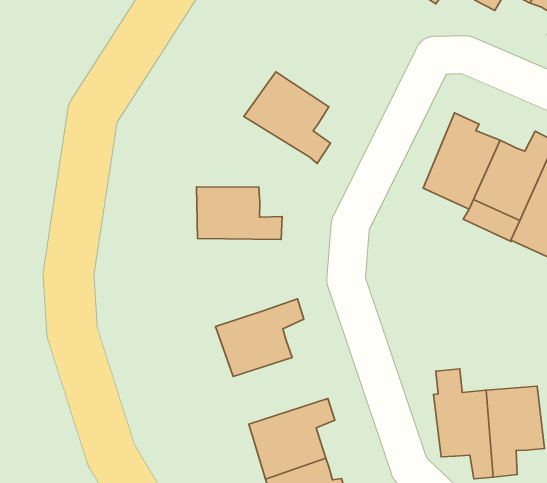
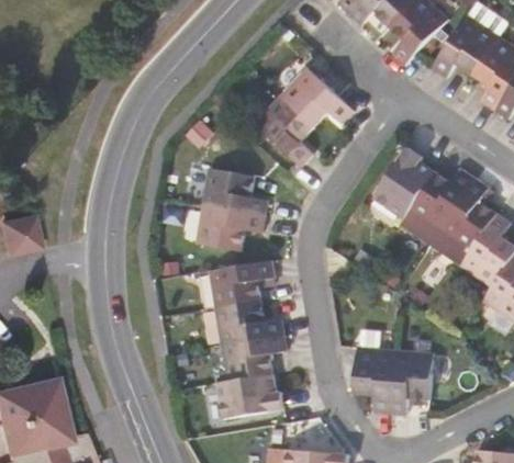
building: none -> [282,67,354,126]
building: none -> [198,205,266,252]
building: none -> [214,303,280,346]

